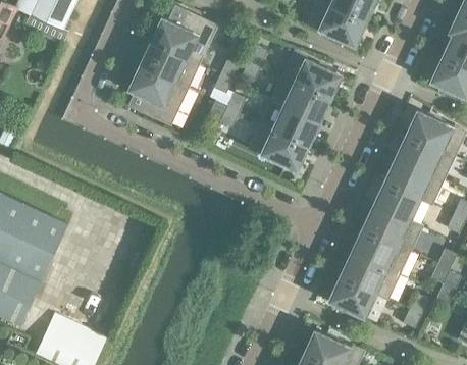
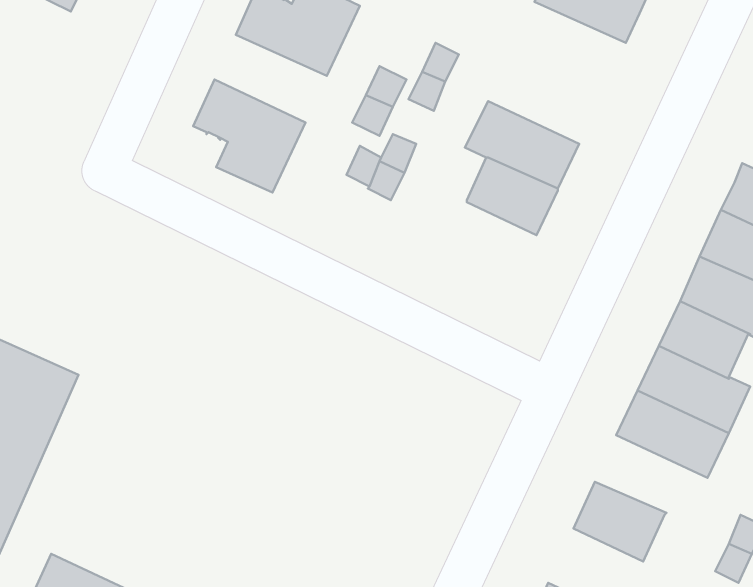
building: [139,42,198,88] -> none
building: [282,52,342,99] -> none
building: [249,123,308,171] -> none
building: [339,252,398,299] -> none

